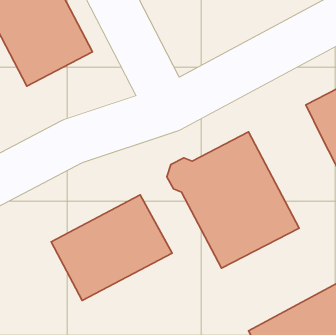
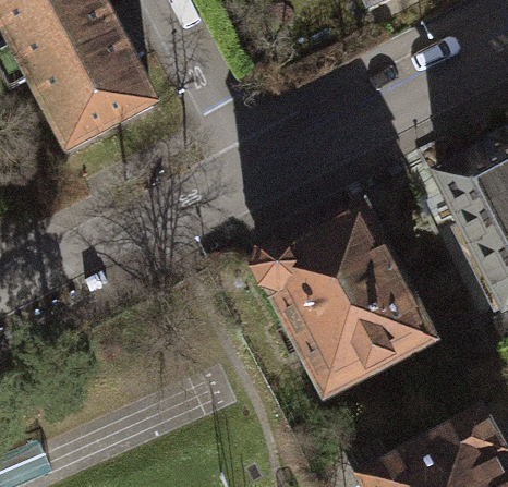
building: [51,195,172,300] -> none

